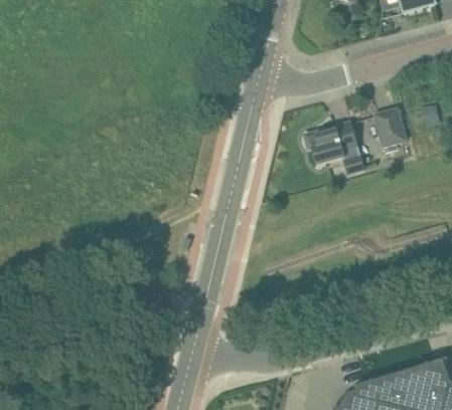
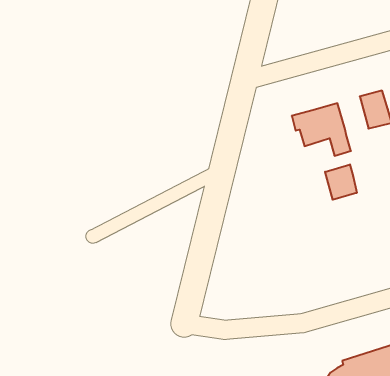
building: none -> [325,164,357,200]

